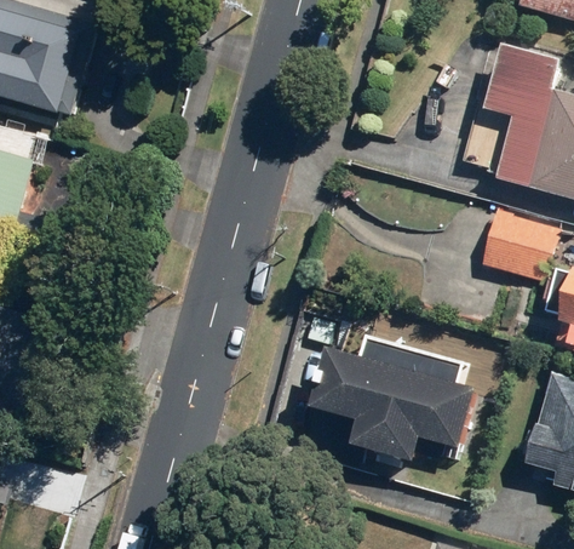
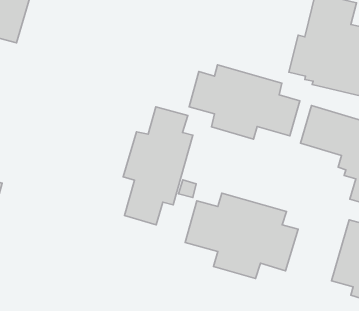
building: none -> [189,65,300,139]
building: none -> [123,107,193,225]

